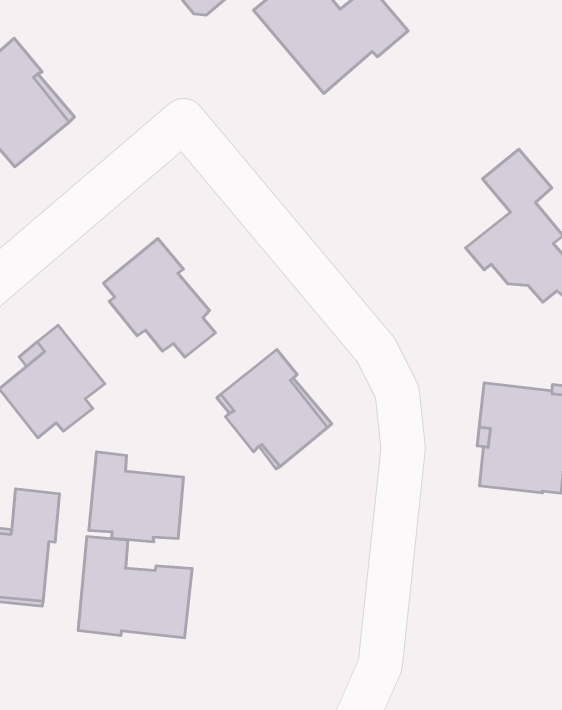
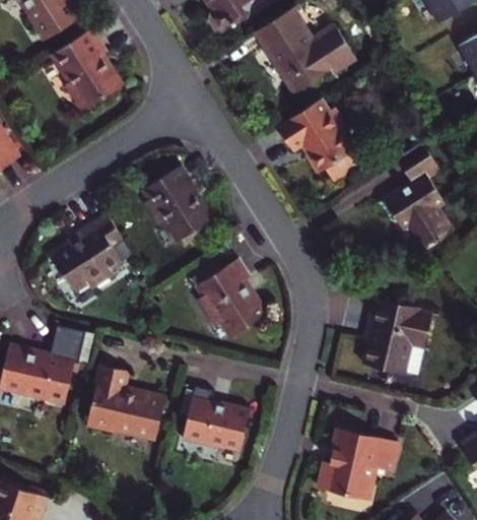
building: none -> [278,99,357,182]
building: [89,452,184,542] -> [183,386,250,450]
building: none -> [314,429,393,500]

